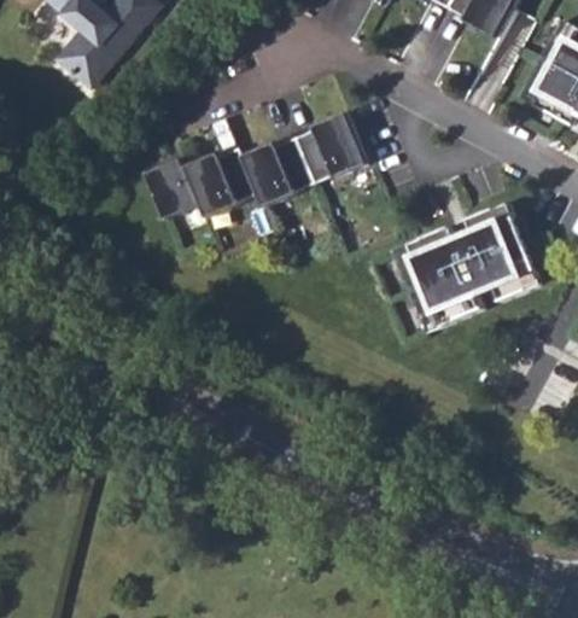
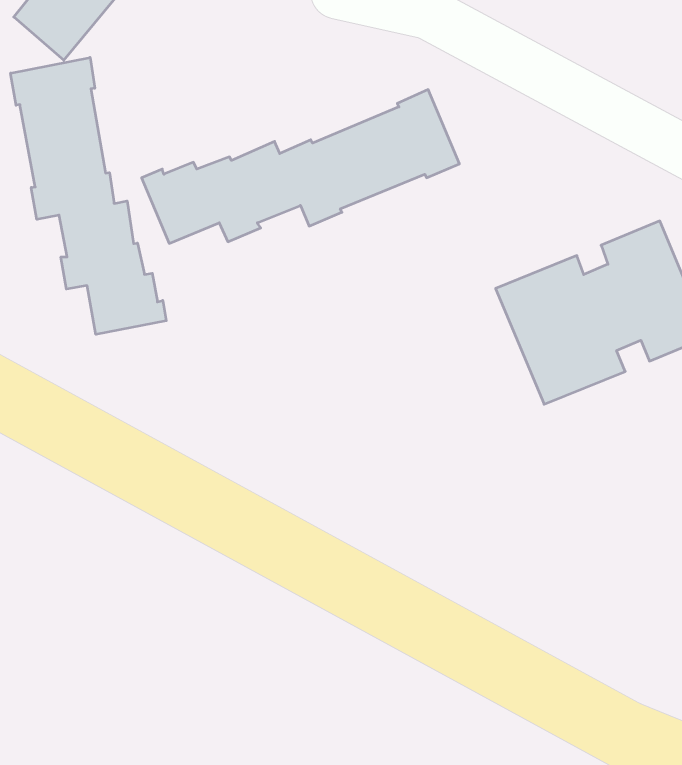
building: none -> [11,57,166,334]

